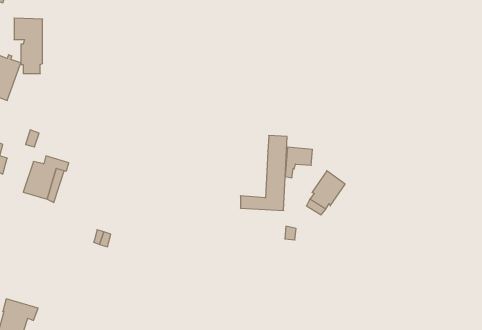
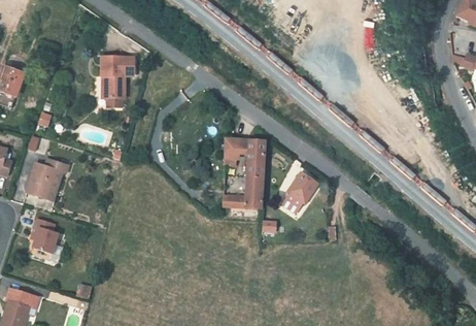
building: [14,18,43,74] -> [99,57,125,107]
building: [285,147,312,178] -> [224,137,248,165]
building: none -> [32,218,63,261]

